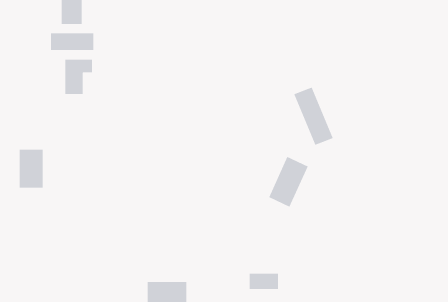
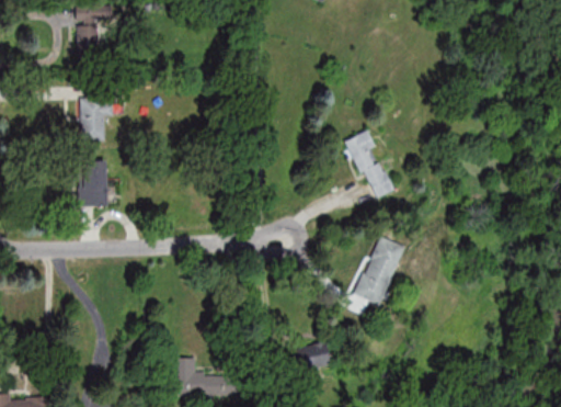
building: [50,32,94,51] -> none
building: [19,149,43,189] -> [79,160,107,206]
building: [268,156,309,208] -> [354,246,401,306]

